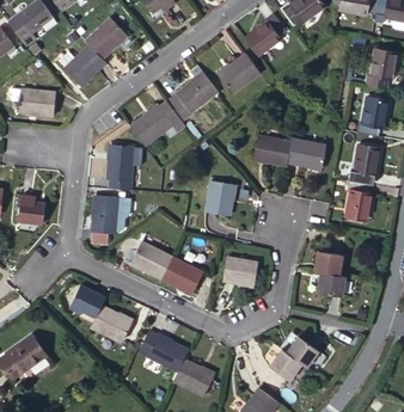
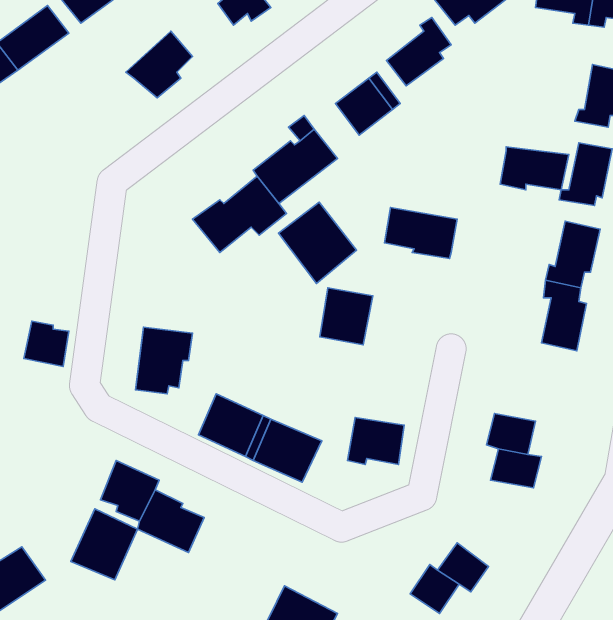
building: [67,53,109,91] -> none
building: [16,94,61,122] -> none
building: none -> [279,202,357,283]
building: [284,136,326,162] -> [500,147,569,190]
building: [103,154,139,197] -> none
building: none -> [71,509,138,580]
building: [139,331,189,371] -> none

